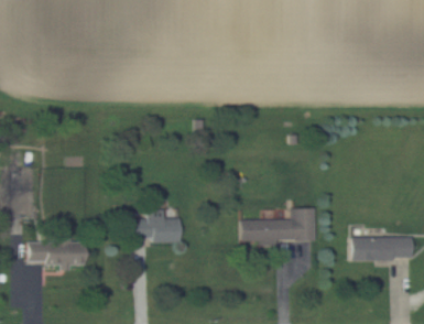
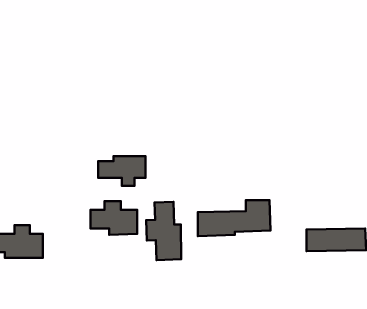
building: none -> [98,156,145,186]
building: none -> [146,202,181,260]

